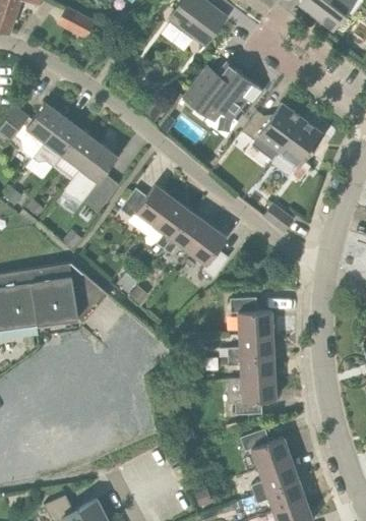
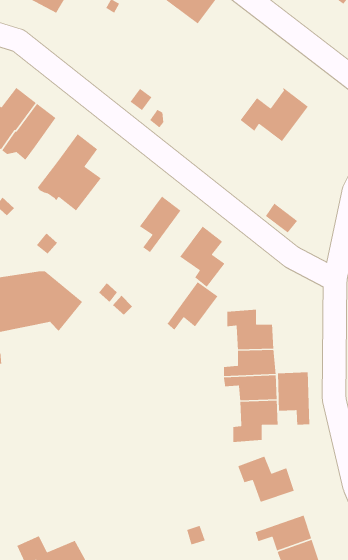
building: [183,66,263,122] -> none
building: [280,120,326,182] -> none
building: [63,130,100,169] -> none
building: [120,185,174,226] -> none
building: [164,212,209,255] -> [166,281,218,331]
building: none -> [277,371,310,426]
building: [252,459,299,495] -> none

